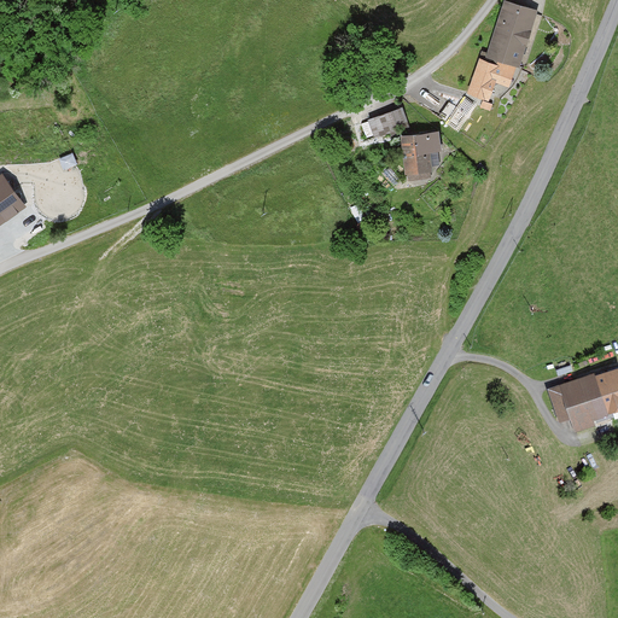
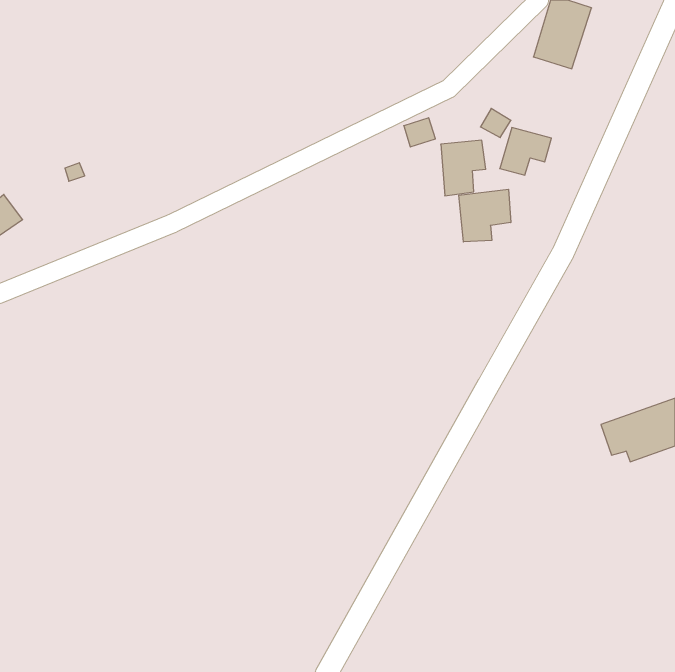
building: [468,56,515,99] -> [500,128,551,175]
building: none -> [459,189,511,242]

